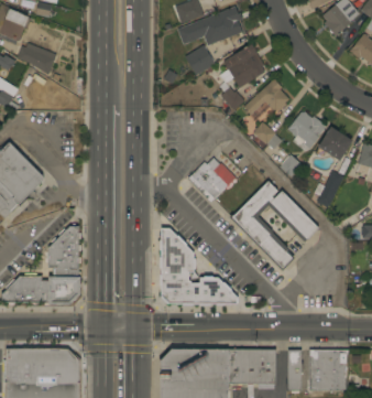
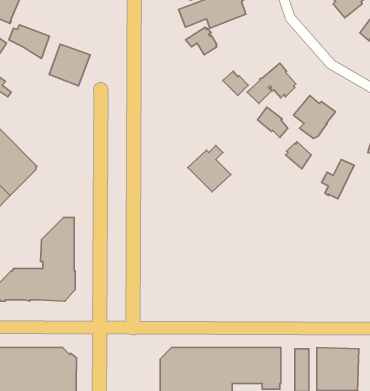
building: [219,43,265,87] -> none
building: none -> [49,44,90,86]
building: [316,125,352,160] -> none
building: [229,180,319,270] -> none
building: [160,230,238,303] -> none

